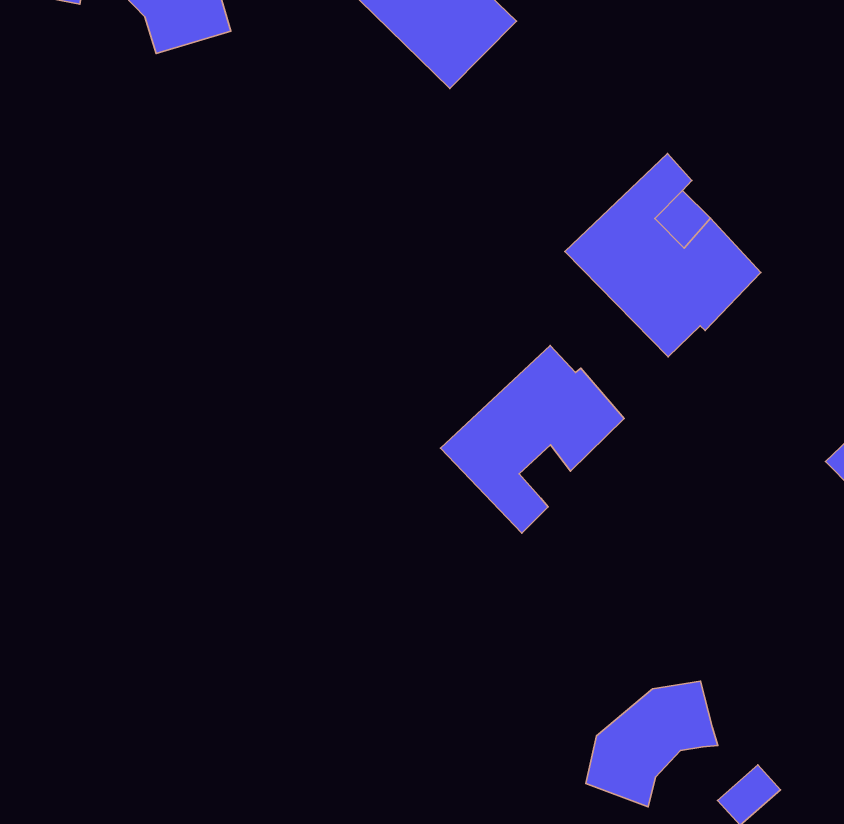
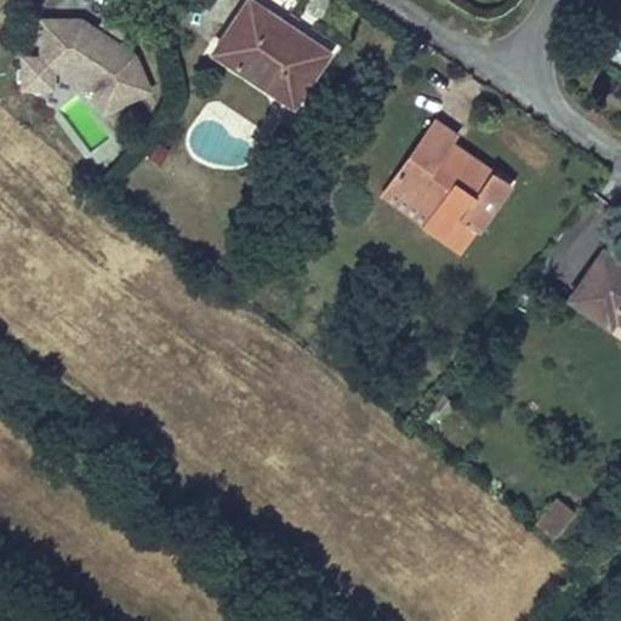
building: [441,346,624,533] -> none
building: [586,681,718,807] -> none

